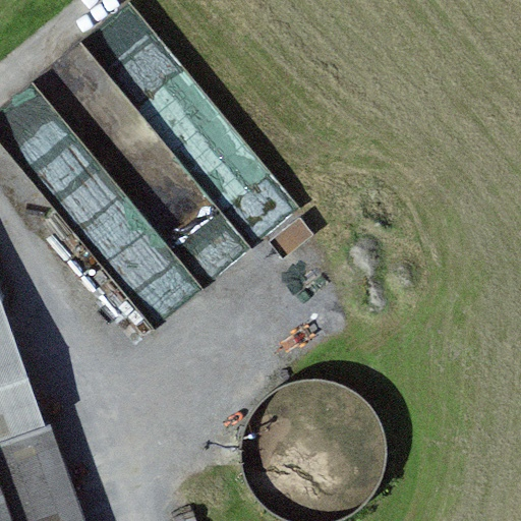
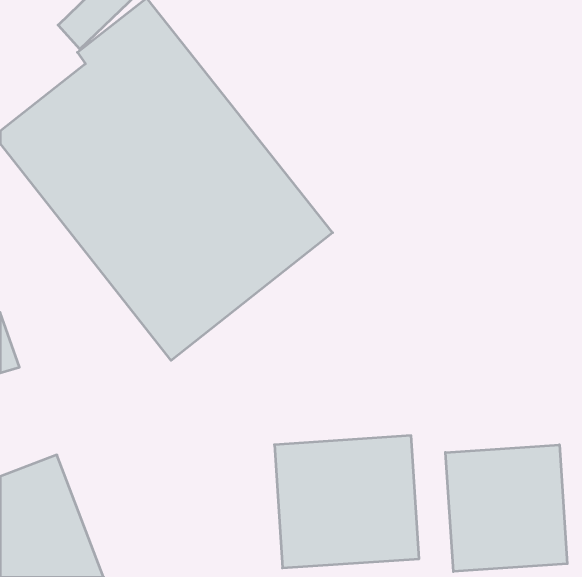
building: none -> [445,445,567,572]

